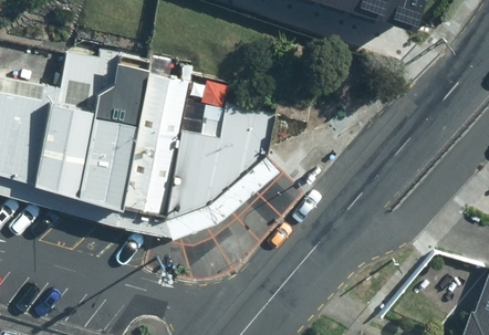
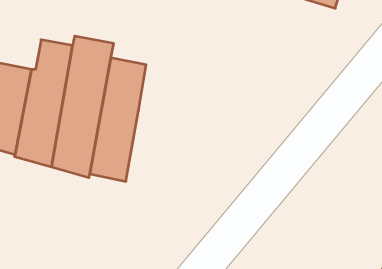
building: [166,112,275,222] -> none

